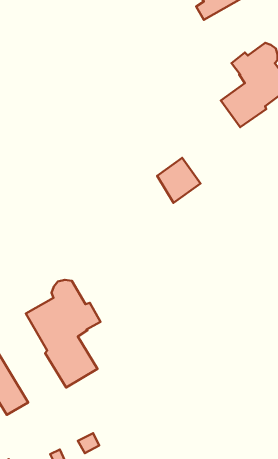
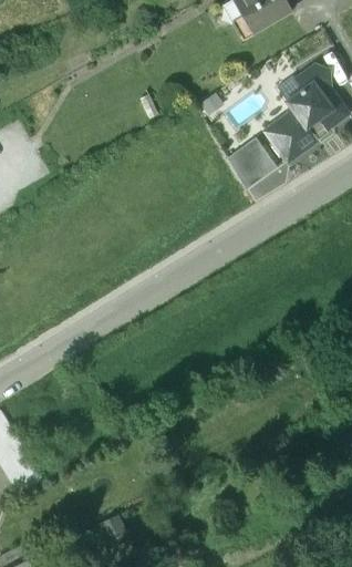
building: [157,158,201,203] -> [228,137,278,189]
building: [26,280,100,388] -> none

